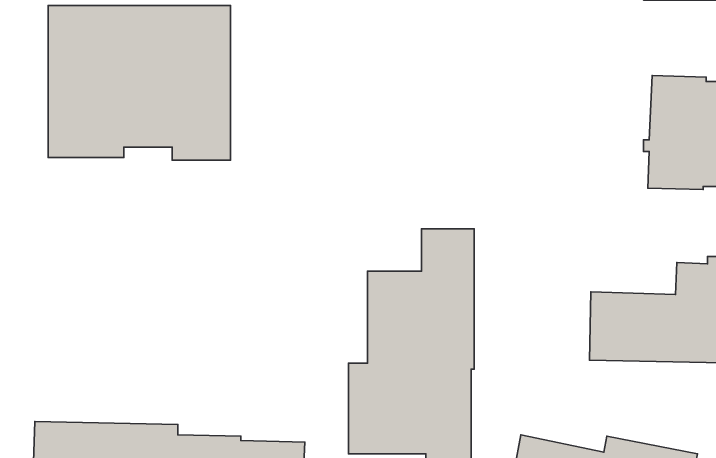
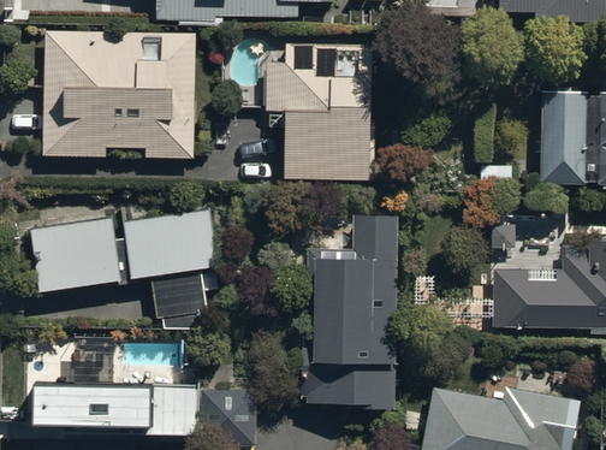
building: none -> [265,46,373,182]
building: none -> [30,209,220,328]

